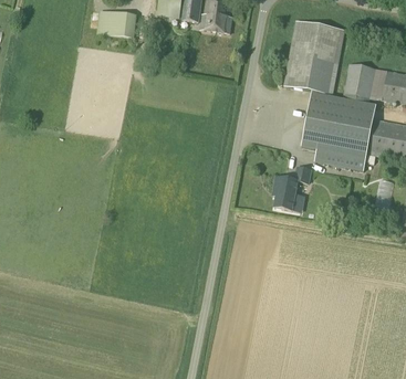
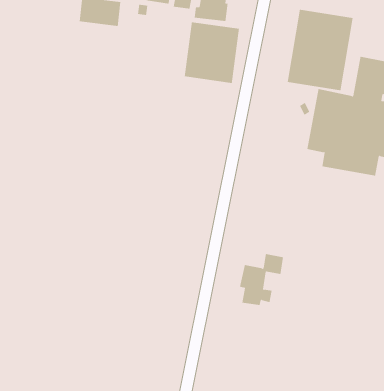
building: none -> [184,21,239,84]
building: [270,168,310,214] -> [239,253,284,305]

